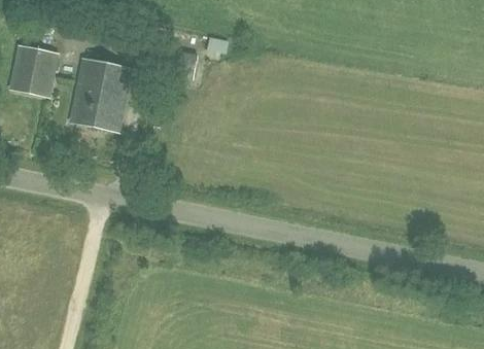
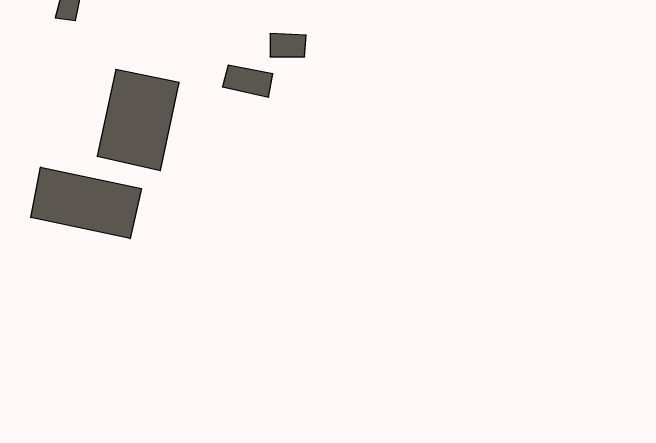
building: [11,45,57,95] -> none
building: none -> [31,167,141,239]

